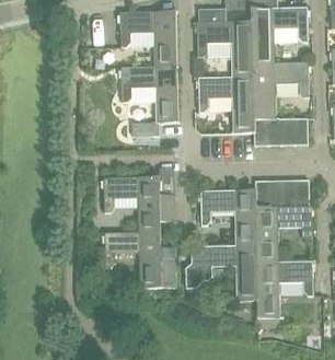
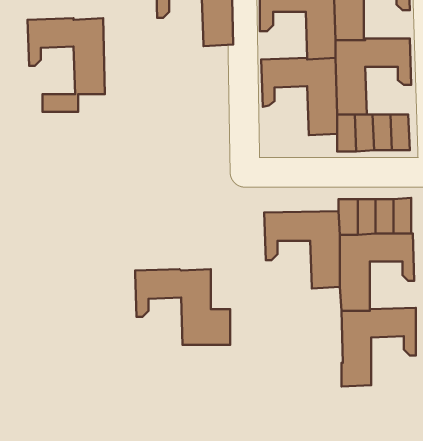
building: [122,67,178,136] -> [28,18,105,112]
building: [104,176,175,233] -> none
building: [185,245,258,301] -> none

